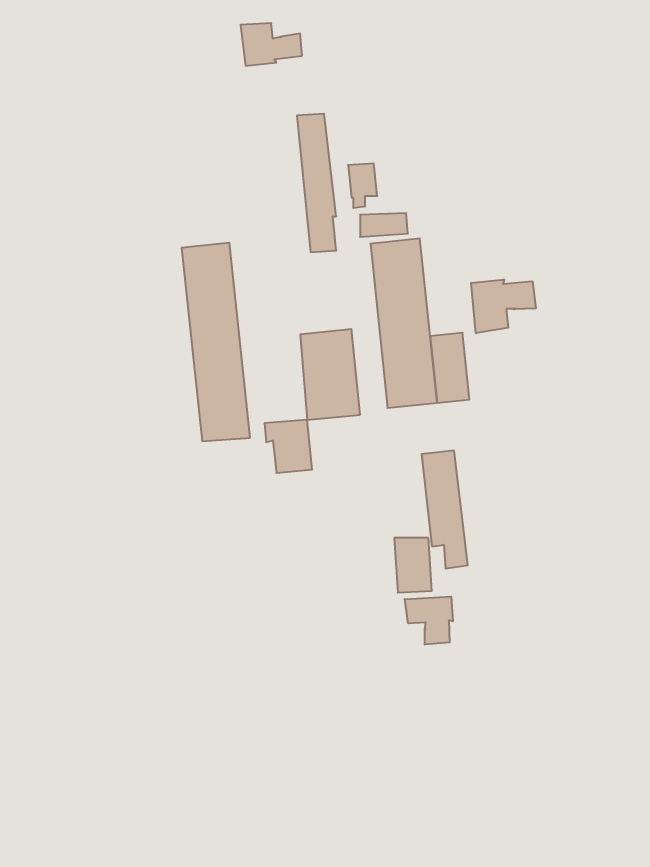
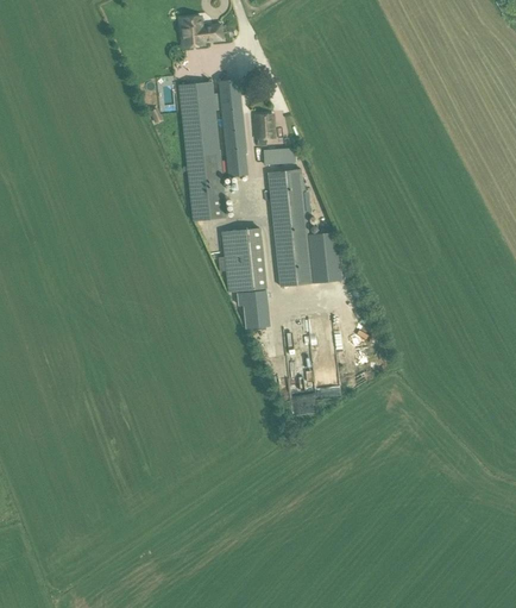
building: [182,243,250,441] -> [177,82,225,220]
building: [471,279,536,333] -> none
building: [264,420,312,473] -> [235,289,269,326]
building: [405,597,453,645] -> none

